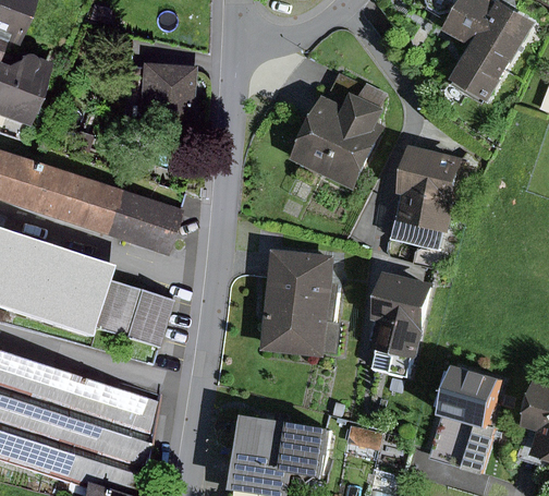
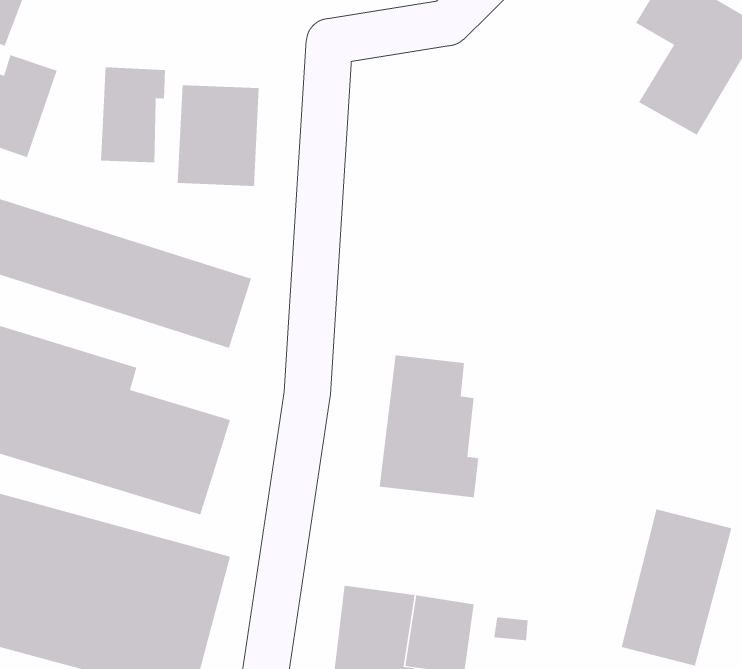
building: none -> [101,67,165,163]
building: [296,76,380,184] -> none
building: [389,161,454,250] -> none
building: [367,282,424,378] -> none

